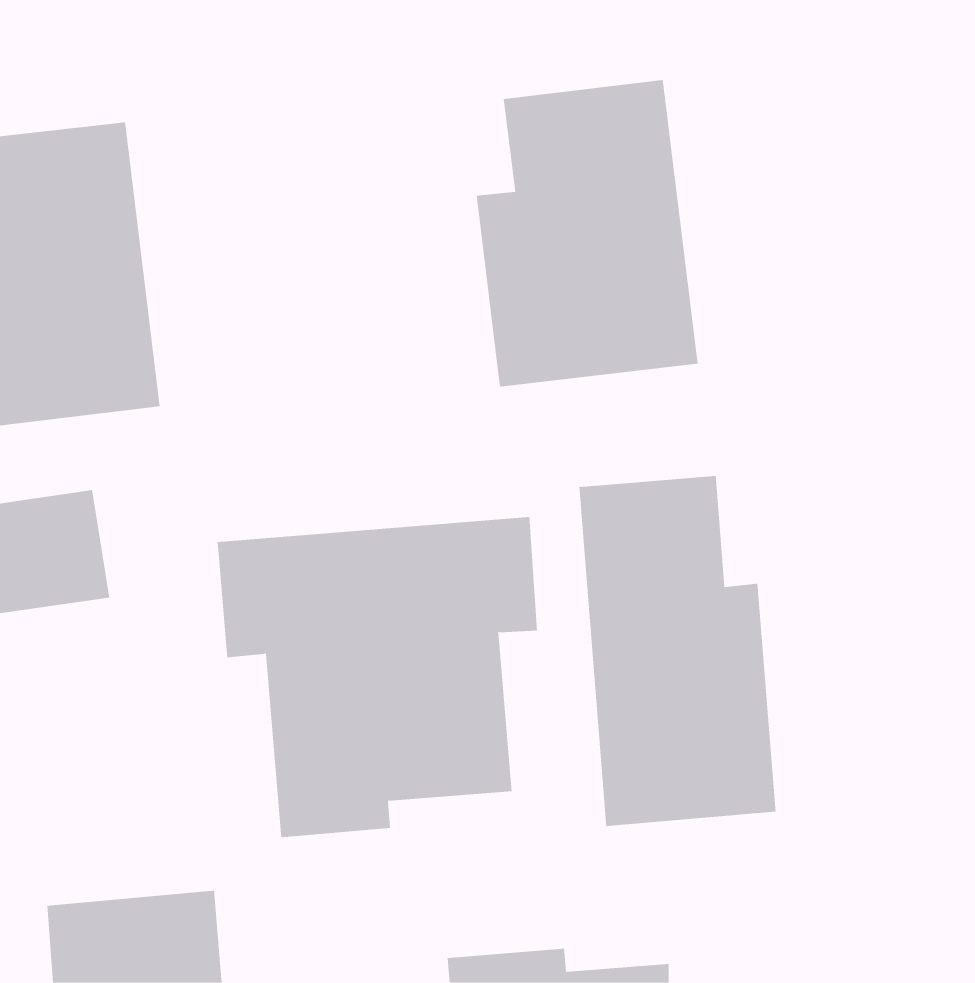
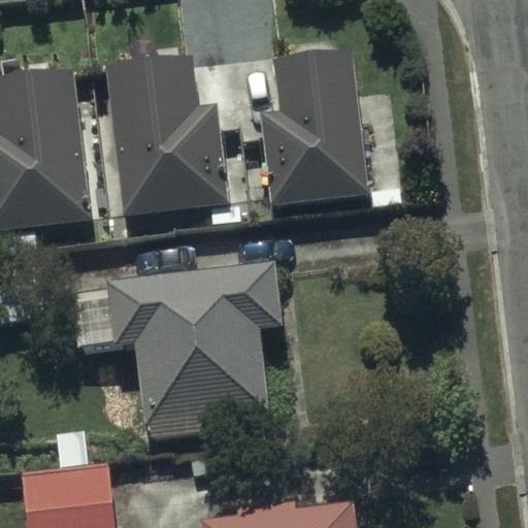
building: none -> [99,52,223,213]
building: [579,475,776,827] -> none

